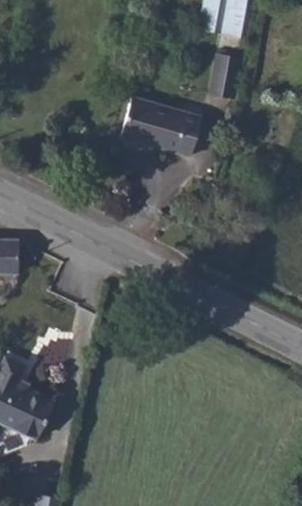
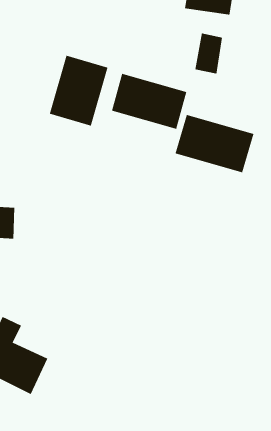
building: none -> [49,55,108,127]
building: none -> [175,114,254,173]

